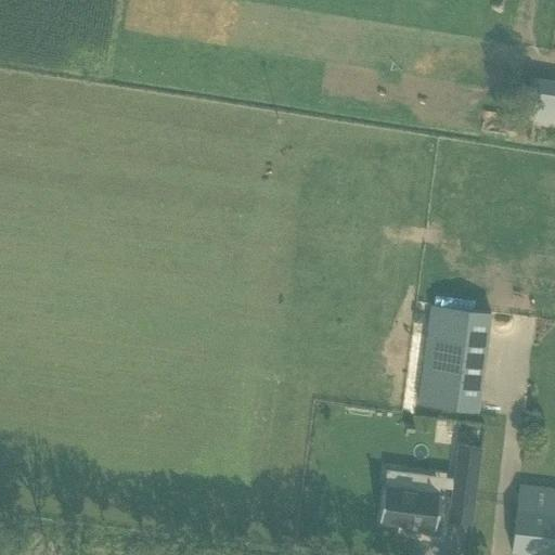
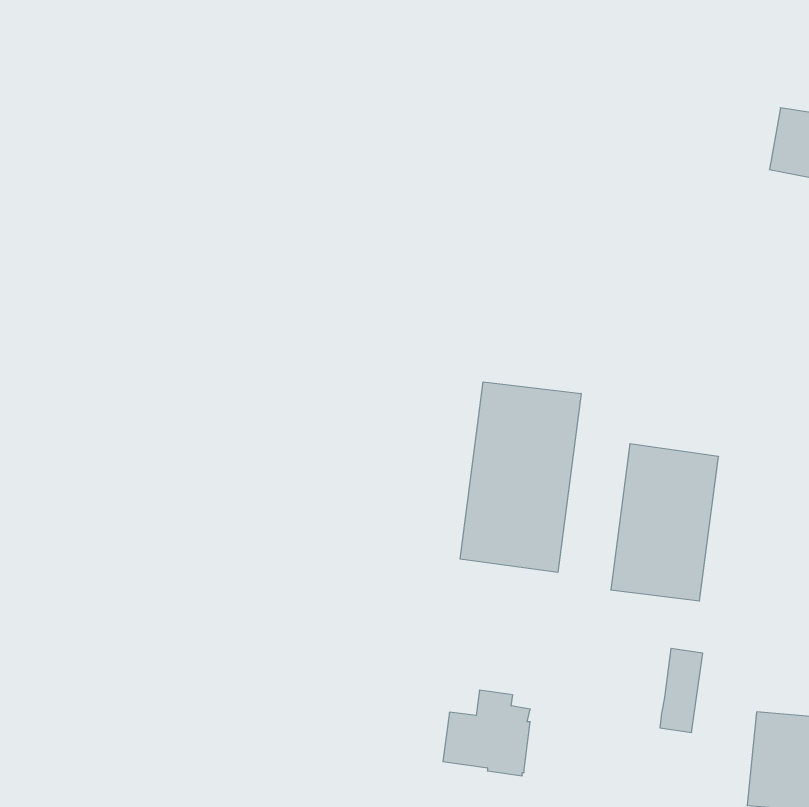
building: none -> [460,382,581,572]
building: [380,469,440,528] -> [443,690,530,776]

